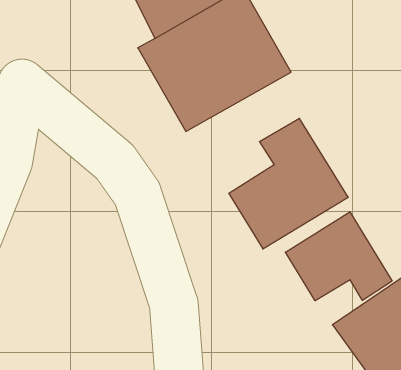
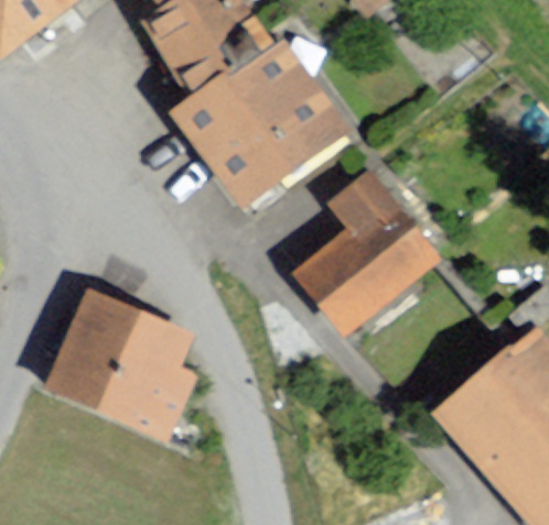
building: none -> [50,294,196,438]
building: [285,212,392,301] -> none

